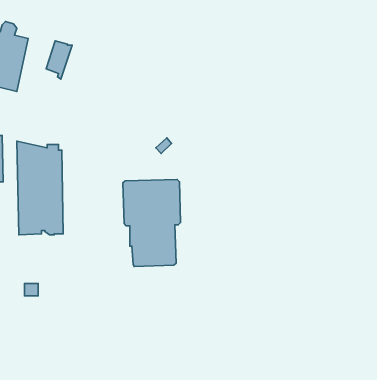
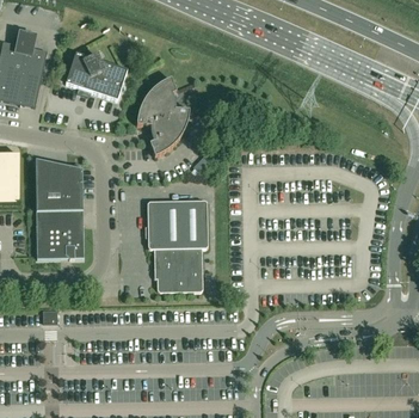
building: none -> [81,55,127,100]
building: none -> [136,79,189,156]

